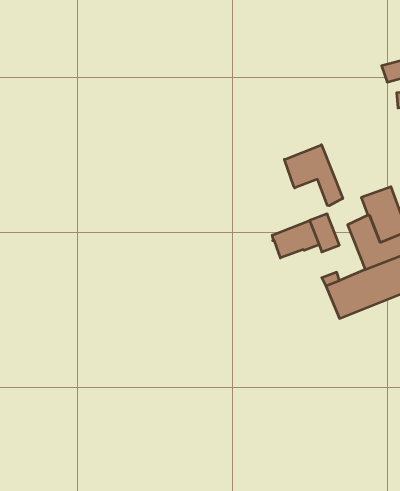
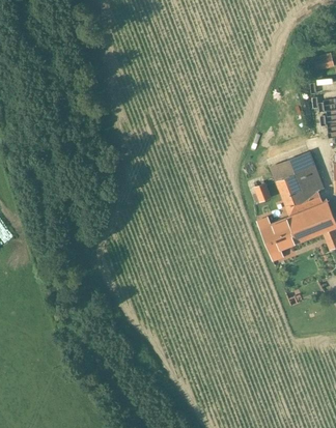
building: [284,145,343,206] -> none
building: [272,220,319,258] -> none

